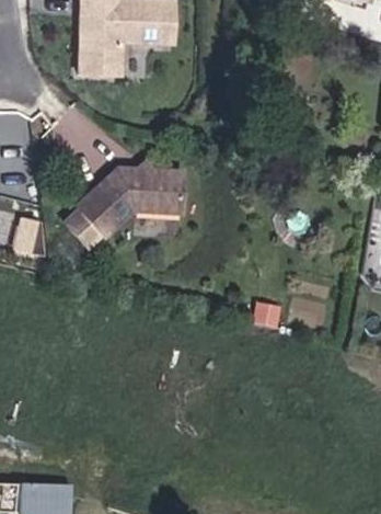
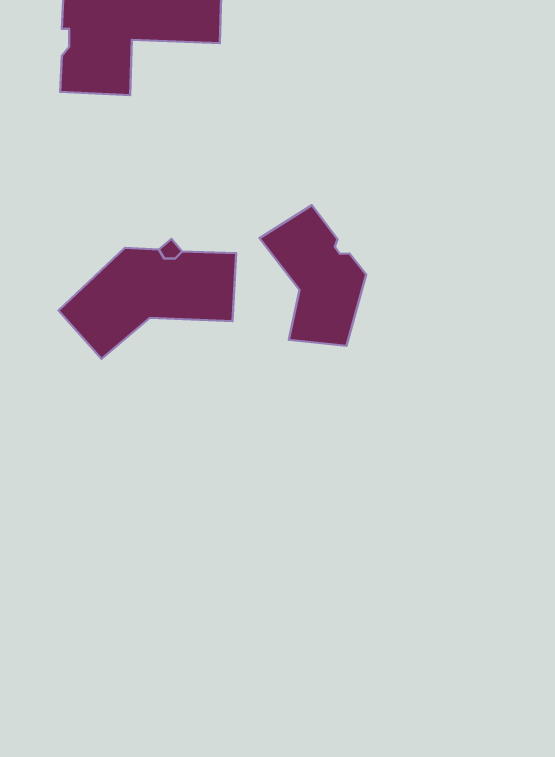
building: none -> [259,205,366,346]

